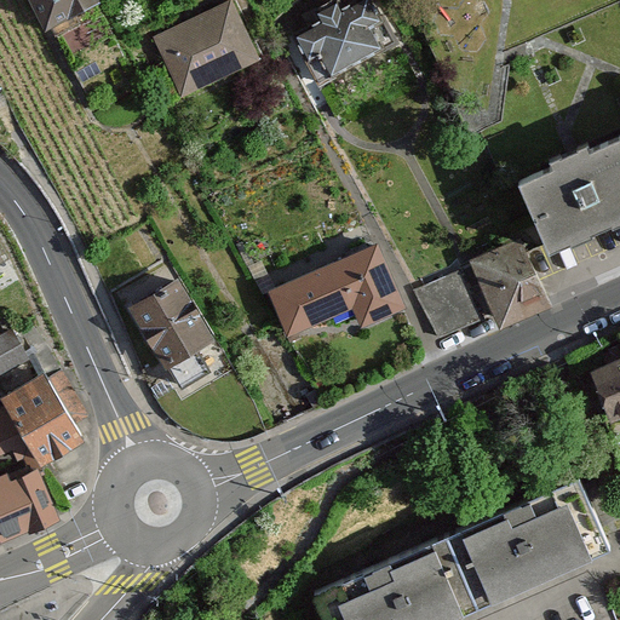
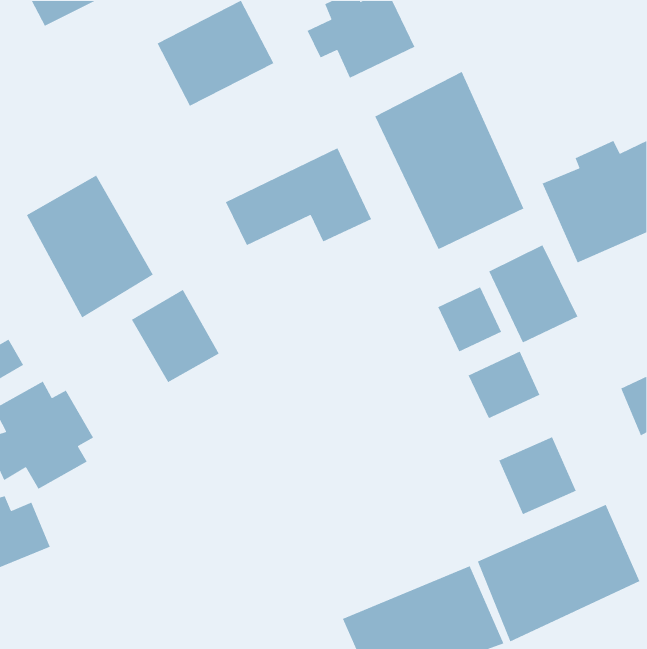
building: none -> [374,71,525,250]
building: none -> [26,175,154,318]
building: [266,239,407,333] -> [225,147,372,246]
building: none -> [468,350,541,419]
building: none -> [498,436,577,515]

